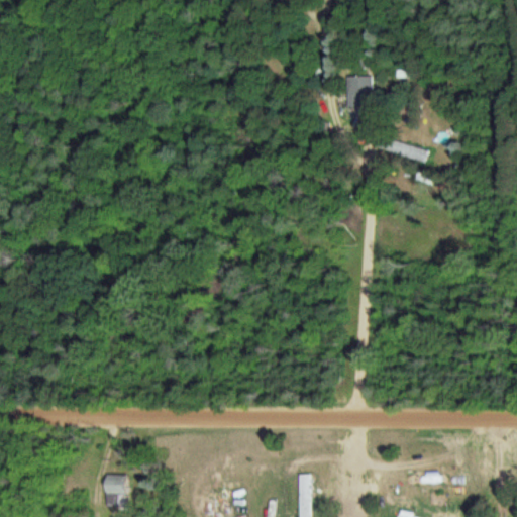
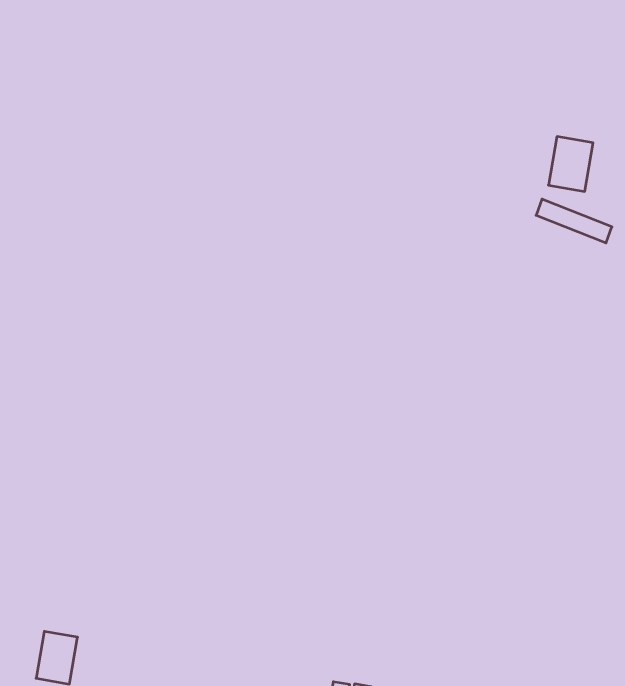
building: [346,77,371,109] -> [548,137,593,191]

